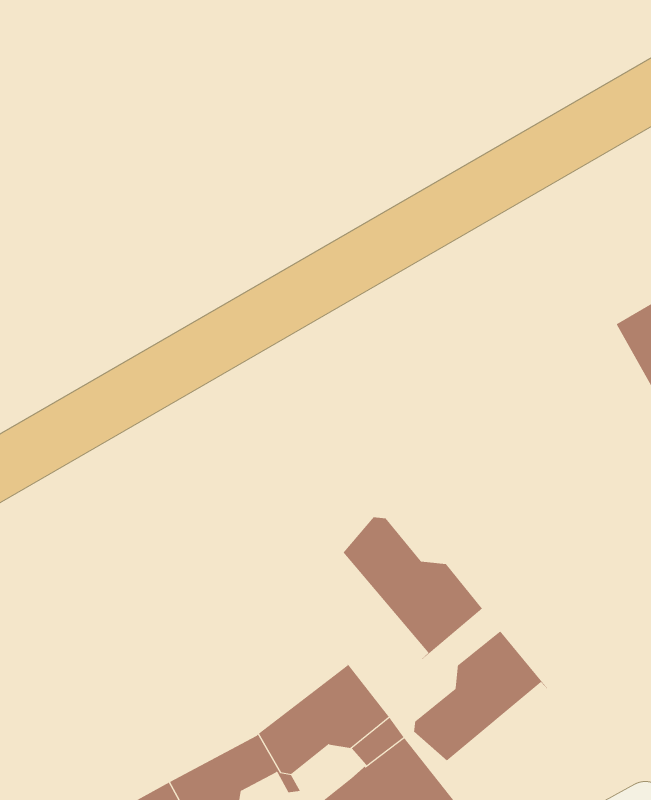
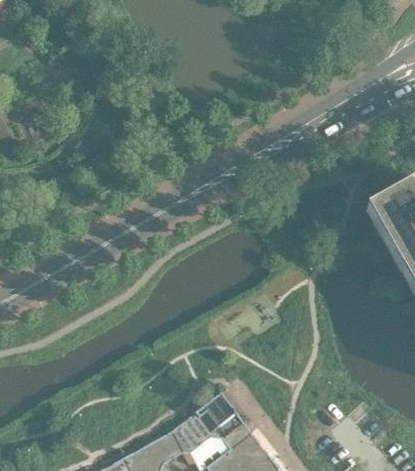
building: [343,517,483,660] -> none
building: [414,631,548,761] -> none

